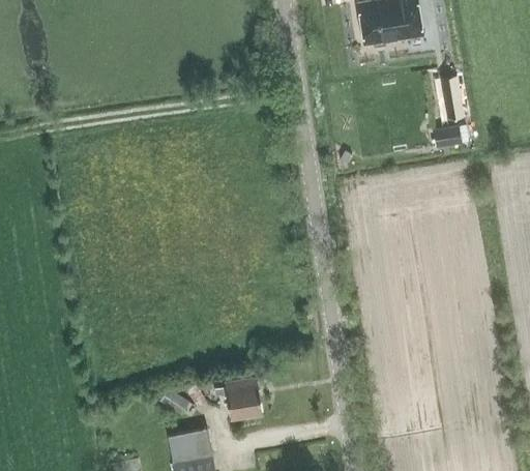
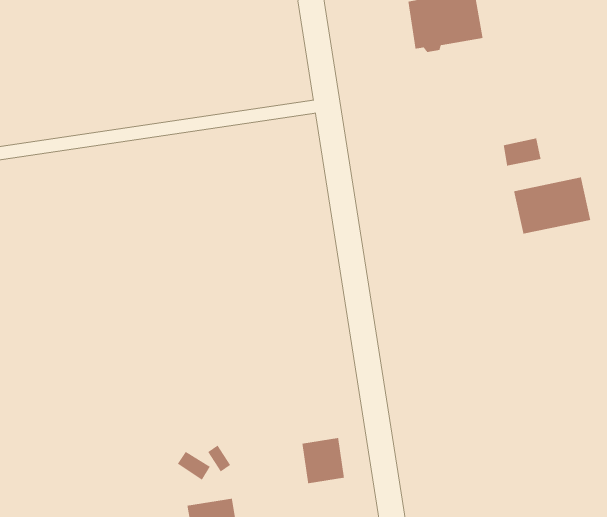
building: none -> [513,177,591,235]
building: [225,378,262,418] -> [301,437,345,484]

